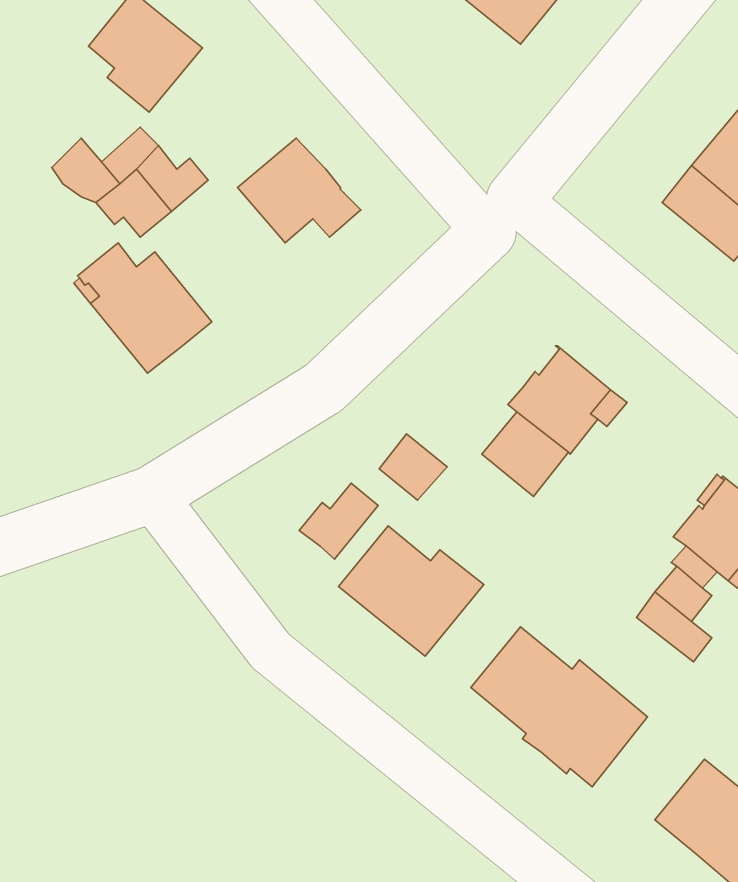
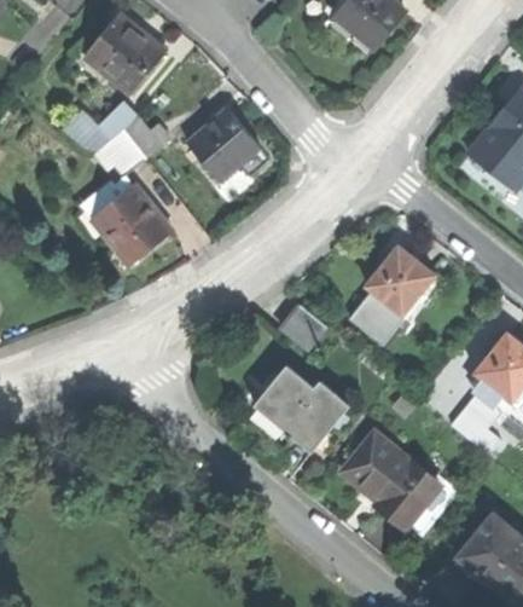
building: [299,483,378,559] -> none

